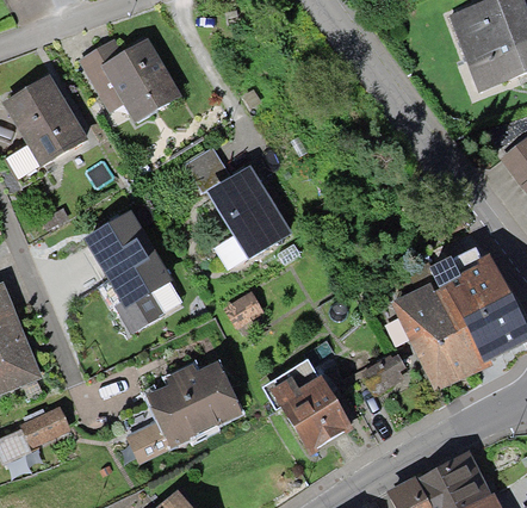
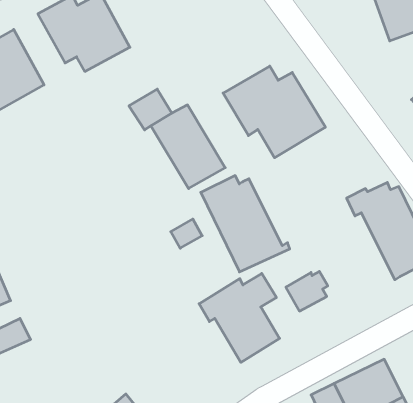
building: none -> [223,66,325,158]
building: [83,206,174,329] -> none
building: [391,281,492,391] -> [201,176,290,272]
building: [118,364,241,463] -> none

